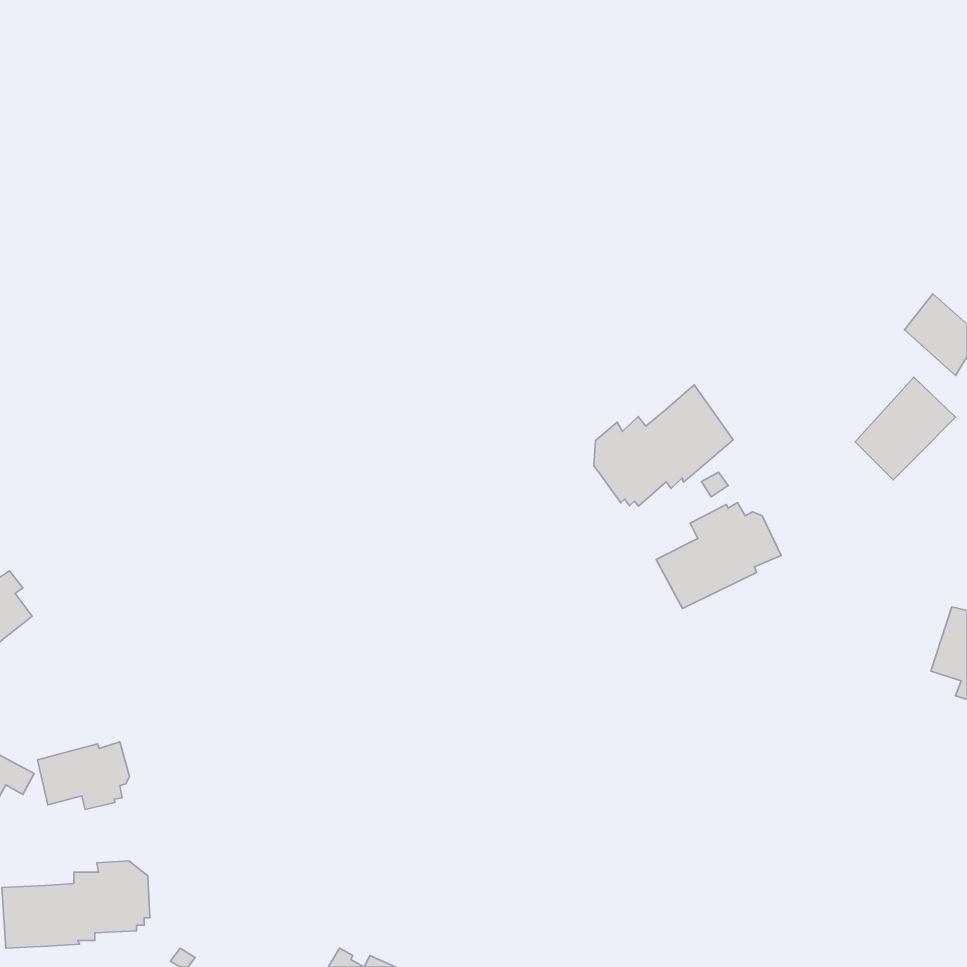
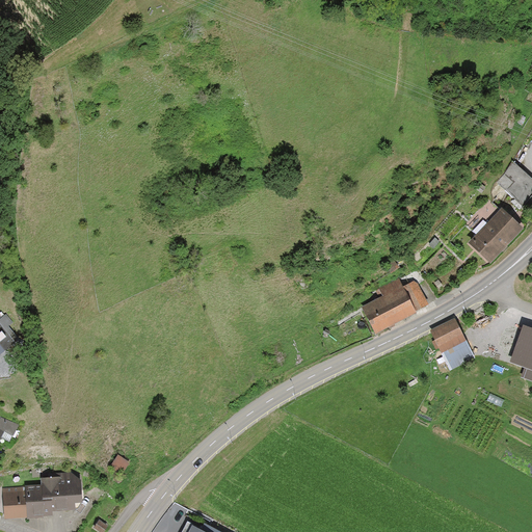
building: [594,385,733,506] -> none
building: none -> [429,317,475,370]
building: [38,742,129,809] -> none

